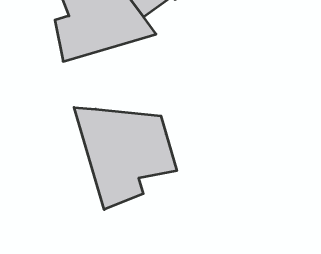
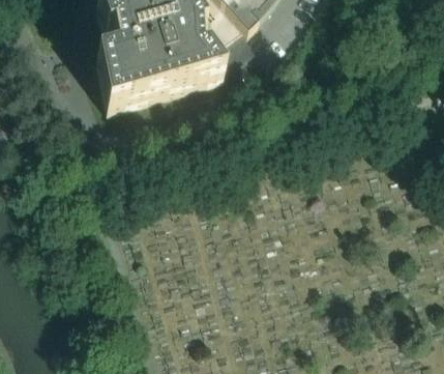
building: [74,107,177,210] -> none

